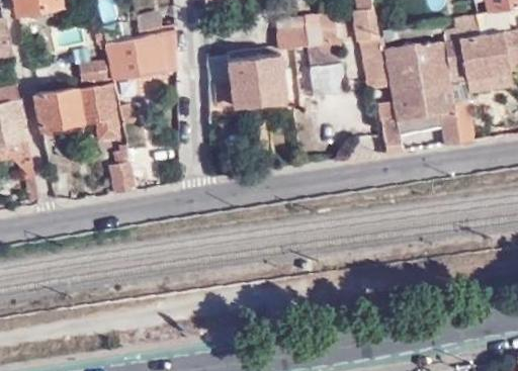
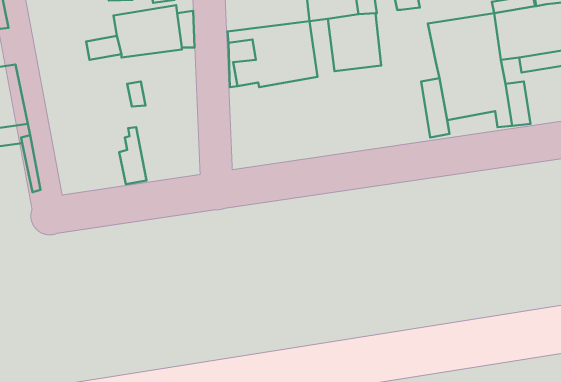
building: [360,34,392,88] -> none
building: [34,84,118,142] -> none

